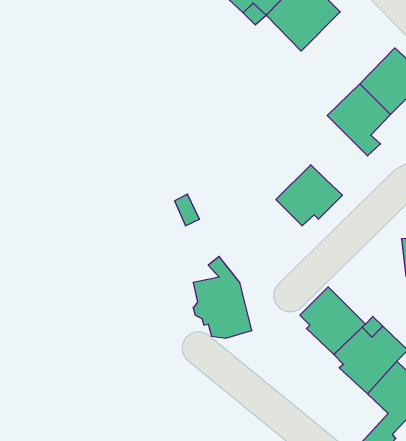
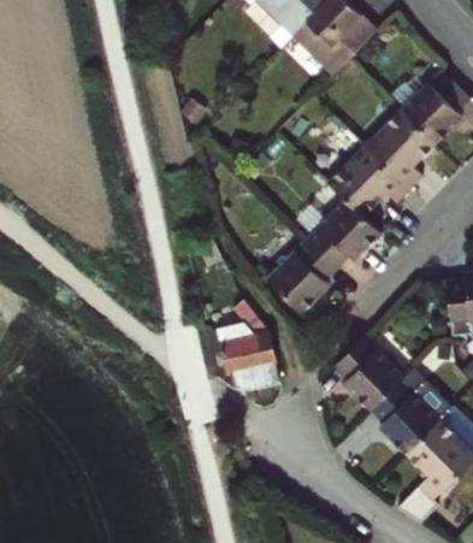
building: none -> [329,146,409,217]
building: none -> [268,238,337,313]

